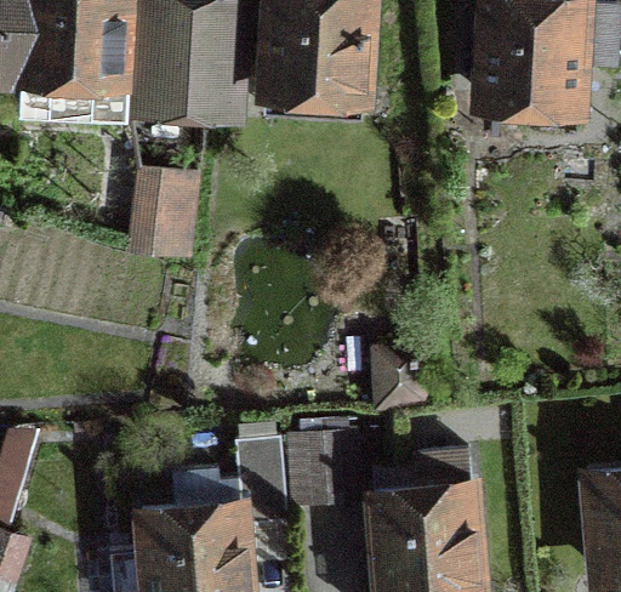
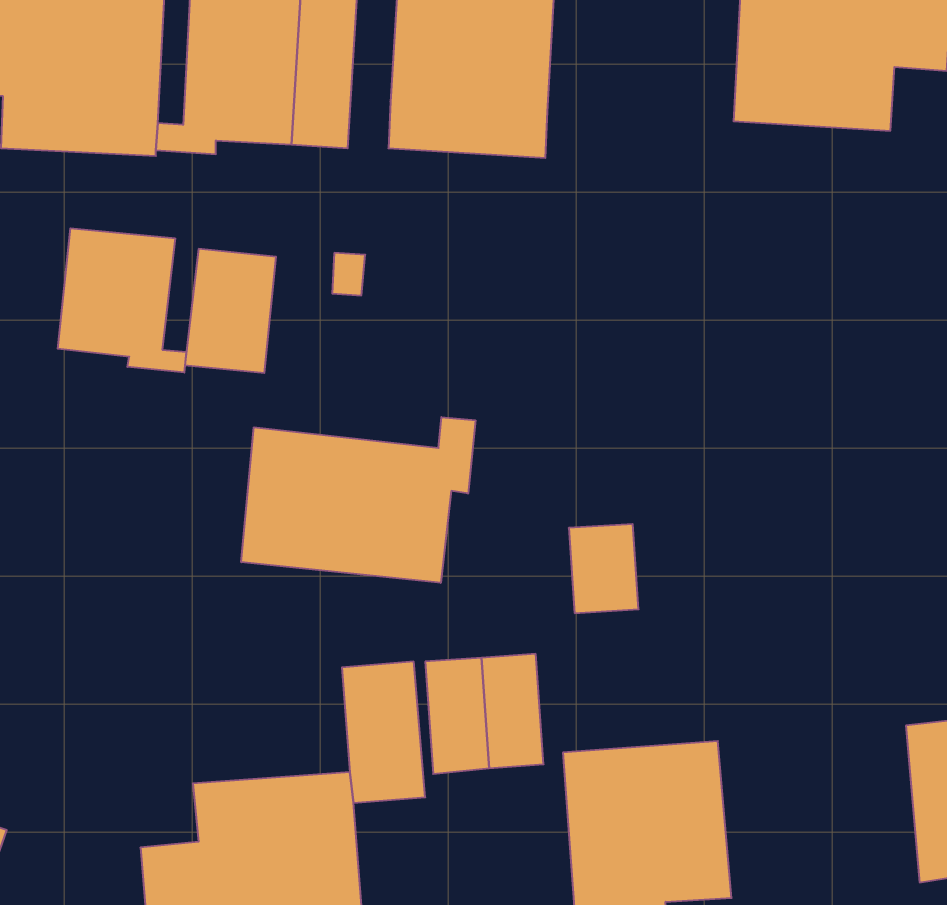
building: none -> [58,228,186,373]
building: none -> [241,417,475,583]

